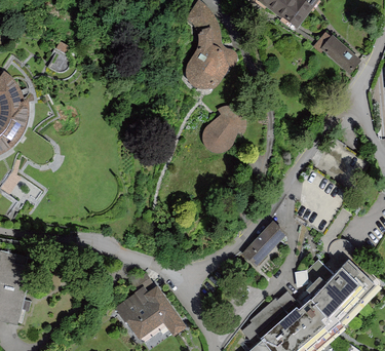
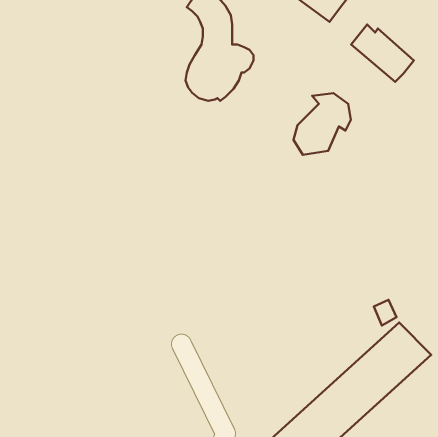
building: [205,105,249,152] -> [293,93,351,155]
building: [240,220,285,267] -> none
building: [118,281,186,341] -> none

